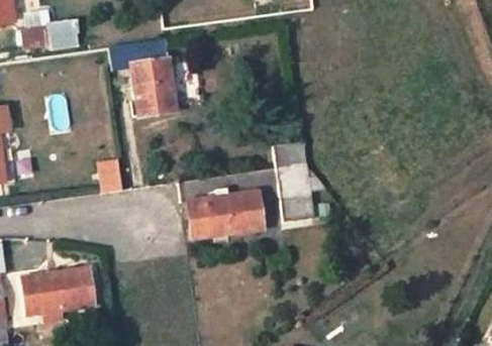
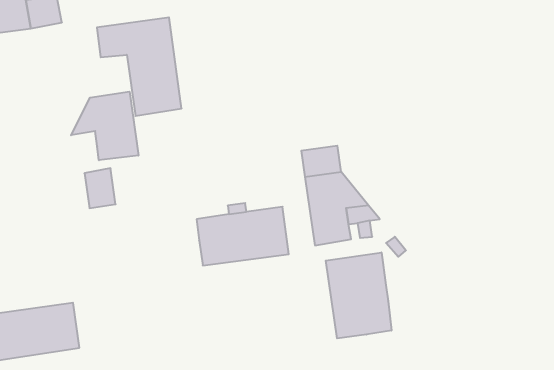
building: none -> [71,92,138,160]
building: none -> [326,252,391,338]

